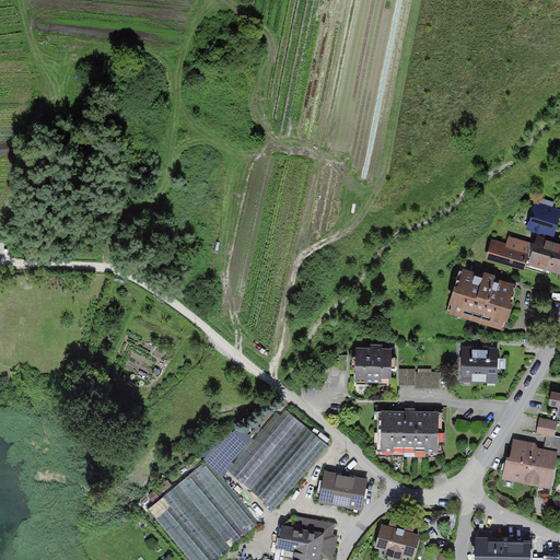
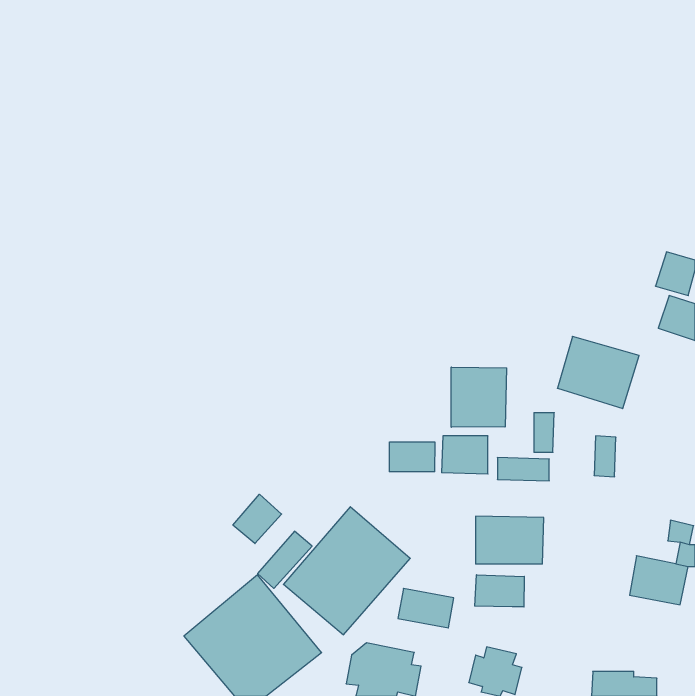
building: [485,236,530,269] -> none
building: none -> [451,367,507,427]
building: [462,350,478,382] -> [534,413,554,452]
building: none -> [389,442,435,472]
building: none -> [233,494,282,544]
building: none -> [475,575,524,607]

